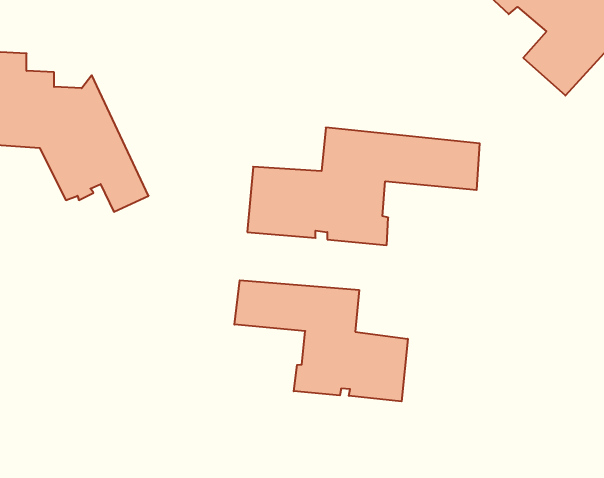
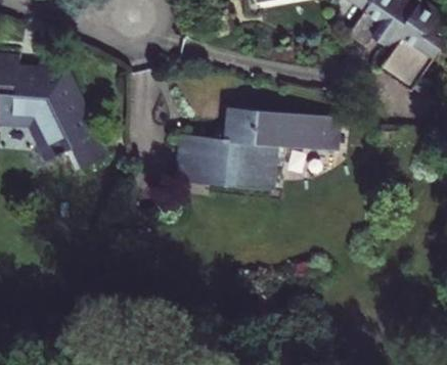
building: [234,280,408,401] -> none

